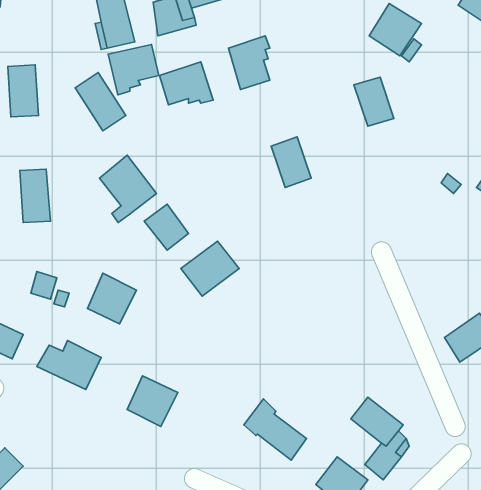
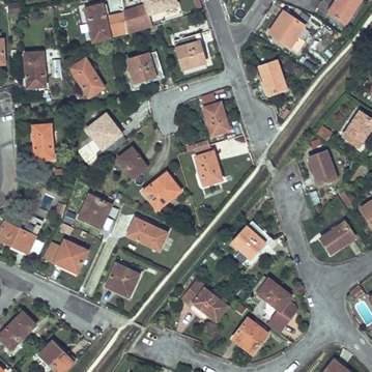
building: [108,45,159,95] -> none
building: none -> [193,144,221,184]
building: none -> [309,151,336,184]
building: none -> [126,218,167,249]
building: none -> [232,221,273,259]

